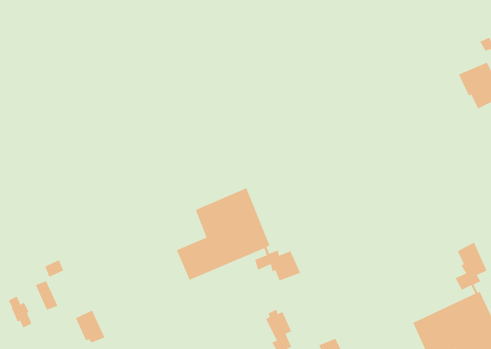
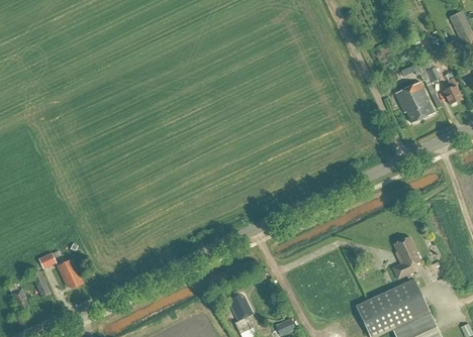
building: [176,187,301,282] -> none
building: [75,310,105,344] -> [57,258,83,288]

